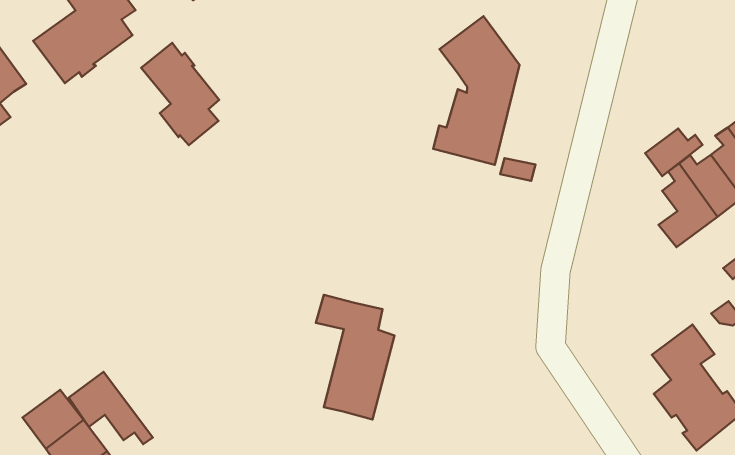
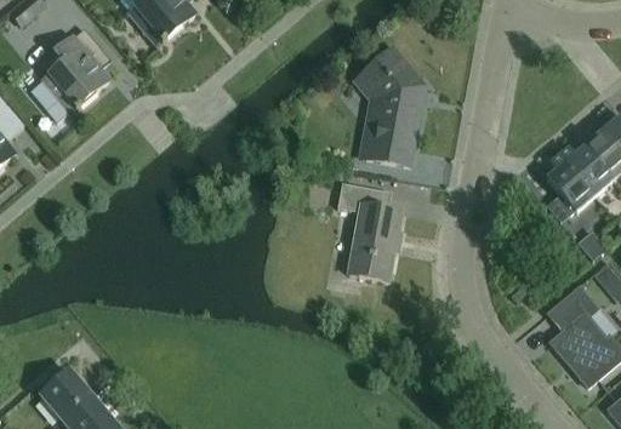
building: [141,43,219,145] -> none
building: [645,128,703,176] -> none
building: [316,295,394,419] -> [337,183,401,281]
building: [69,372,153,444] -> none

